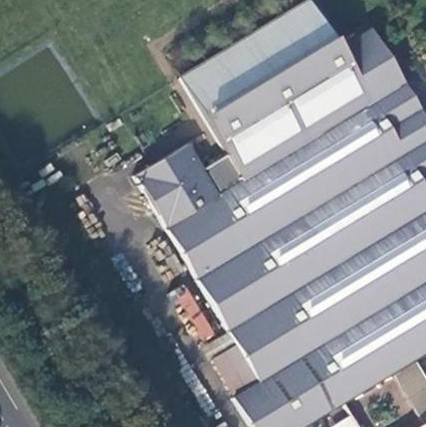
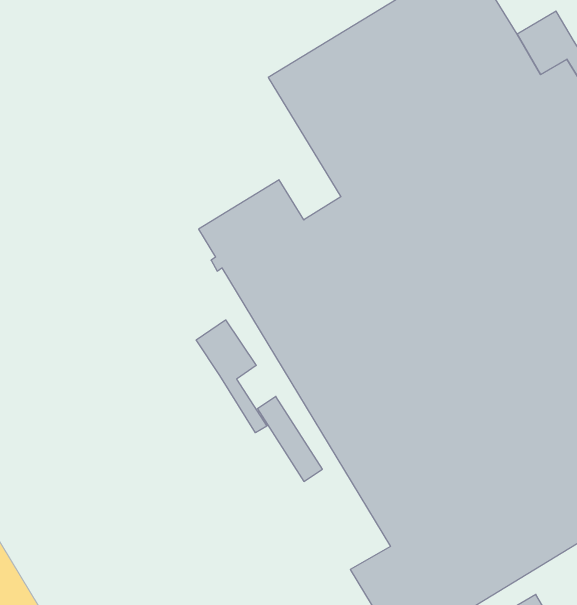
building: none -> [196,320,267,433]

